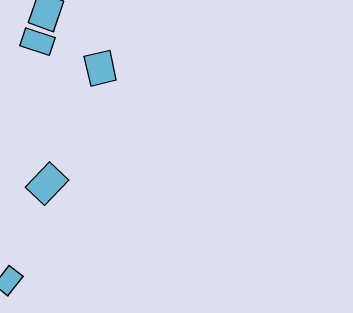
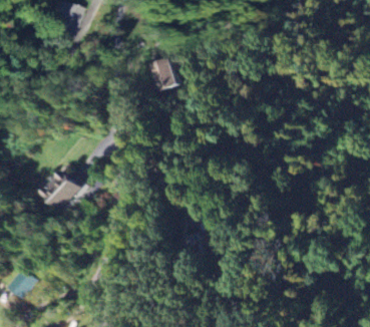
building: [20,28,55,55] -> none
building: [84,50,116,86] -> [144,57,176,92]

